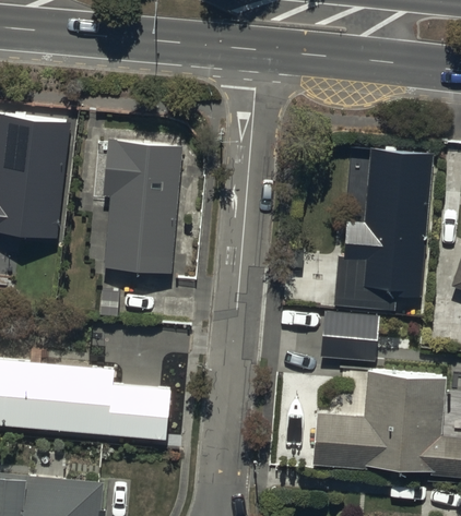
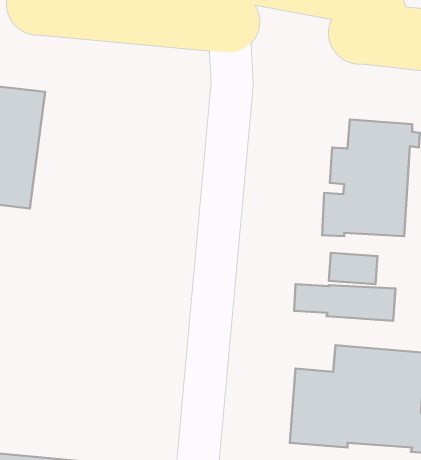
building: [103,142,180,274] -> none
building: [33,356,158,445] -> none

